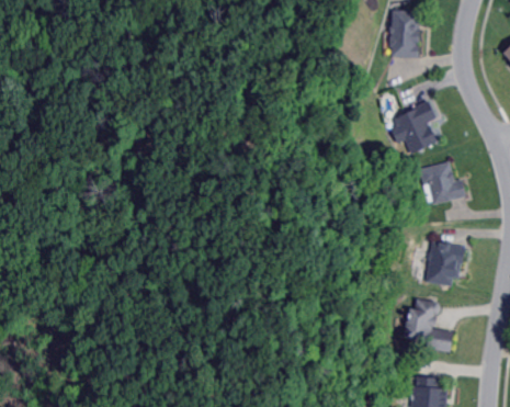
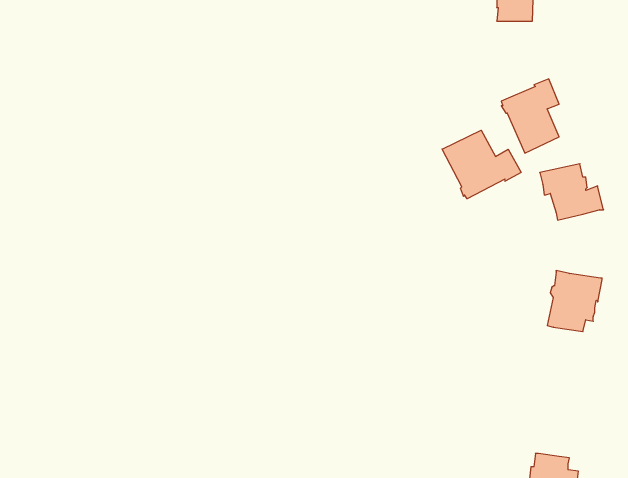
building: none -> [442,130,521,199]
building: [400,301,452,352] -> none

